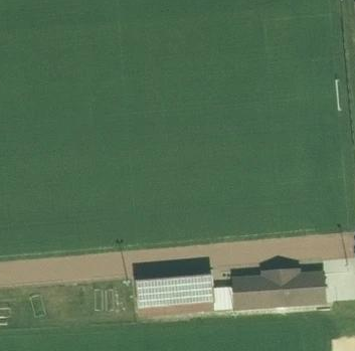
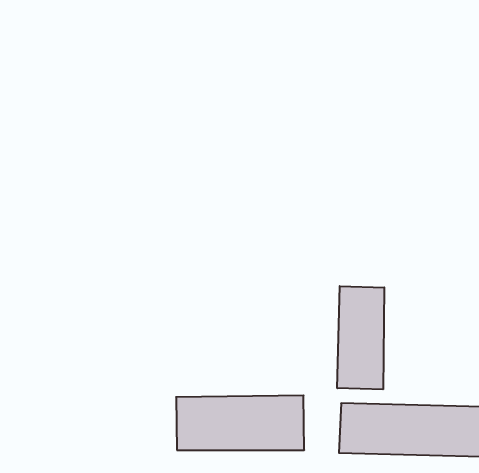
building: none -> [337,286,384,389]

